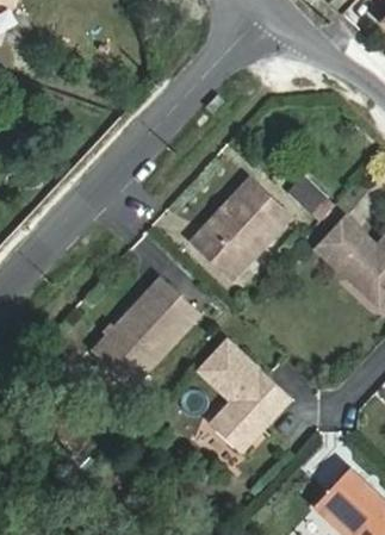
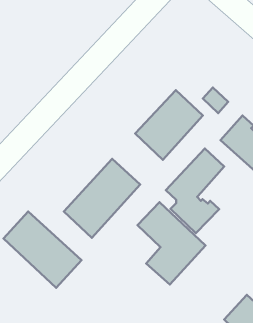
building: none -> [166,149,224,233]
building: none -> [4,212,82,288]

